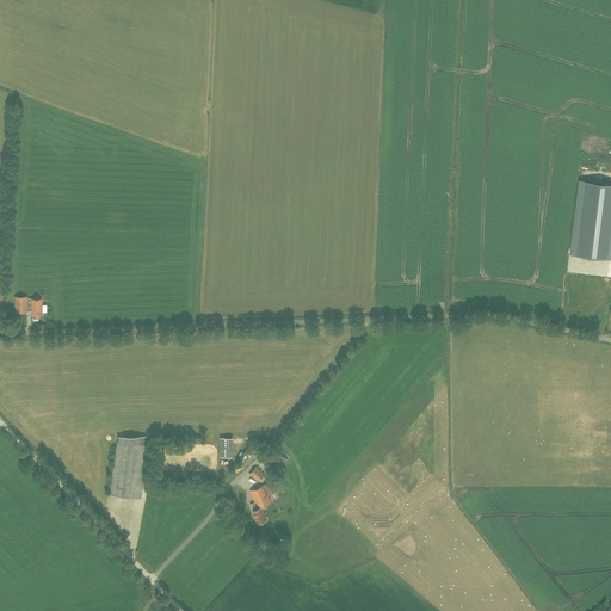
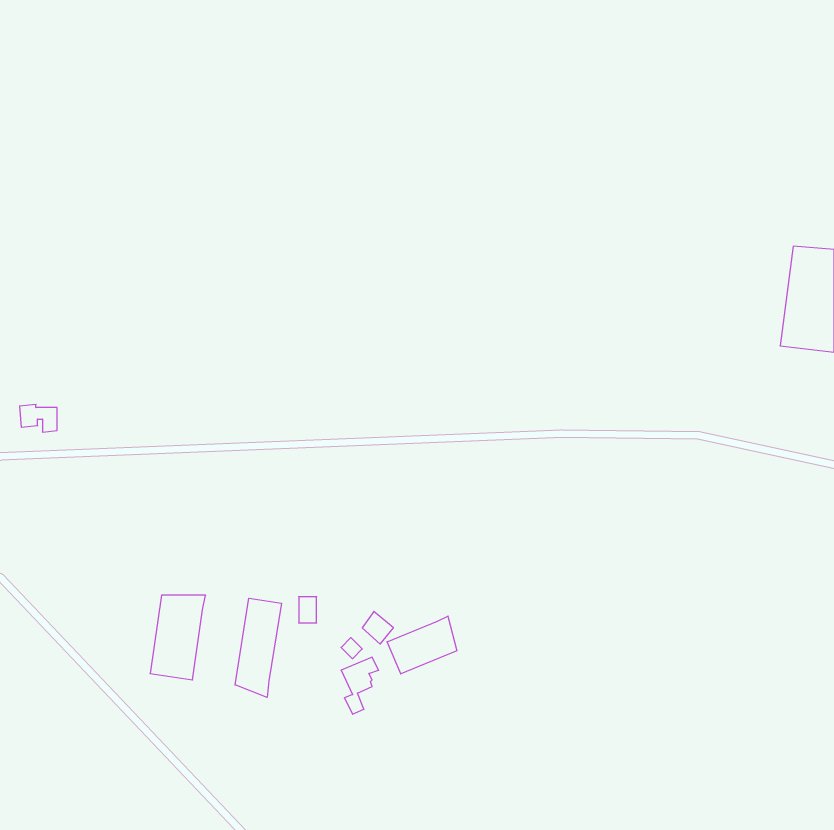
building: none -> [235,598,282,697]
building: none -> [387,616,457,674]

